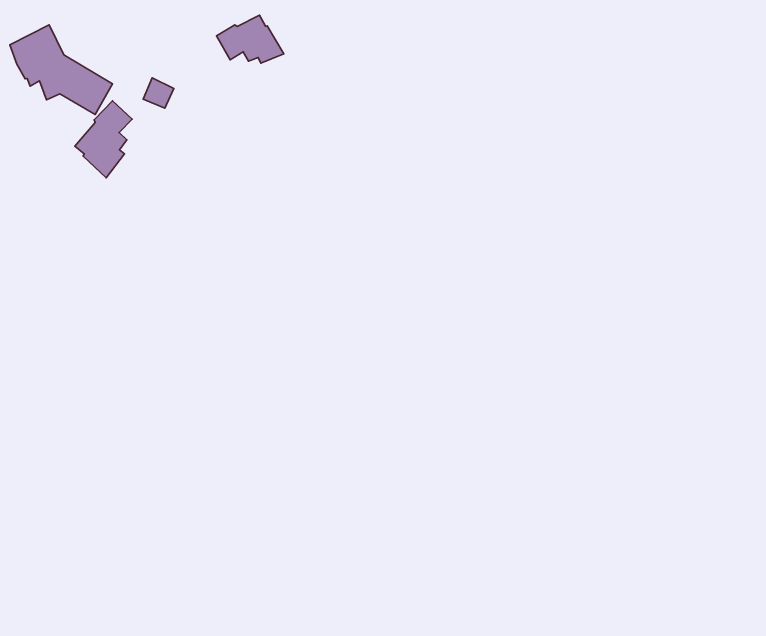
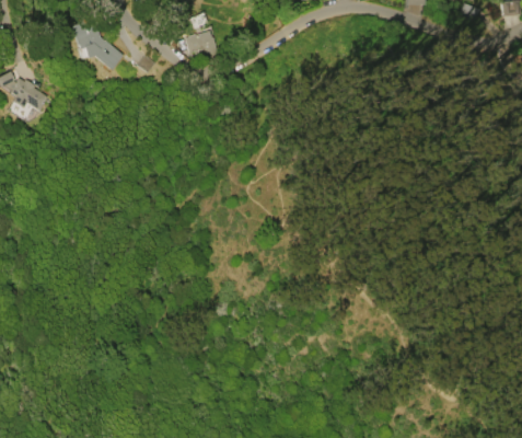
building: [75,101,132,178] -> none

